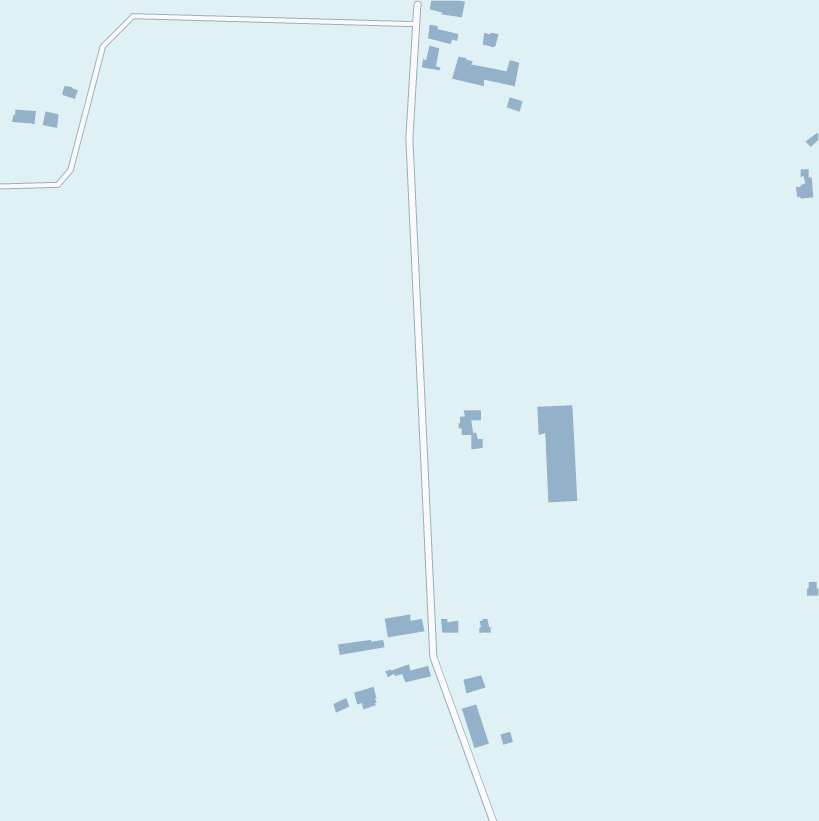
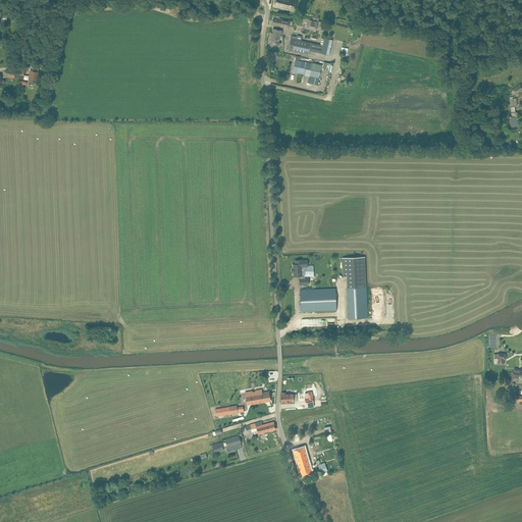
building: none -> [292,56,320,88]
building: none -> [299,289,335,312]

